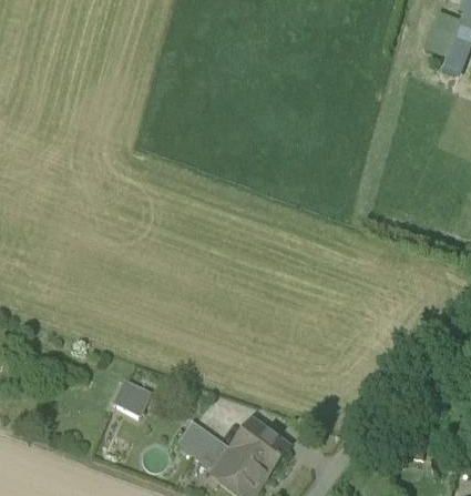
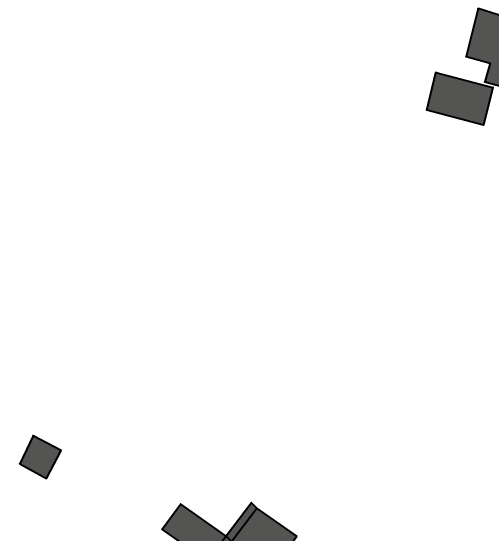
building: none -> [427,72,493,125]
building: [115,378,150,414] -> [20,436,61,478]

